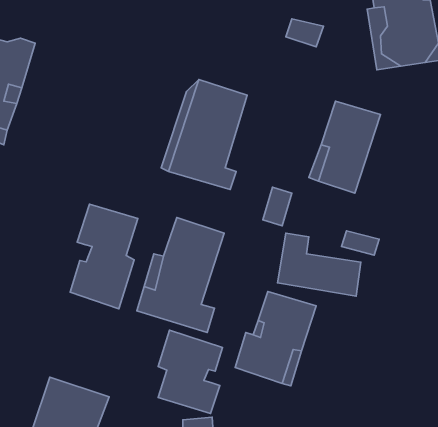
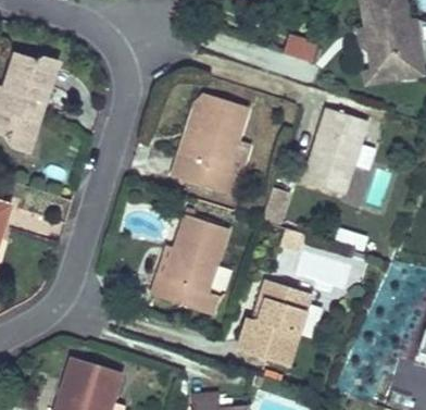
building: [70,204,138,309] -> none
building: [158,330,222,414] -> none

